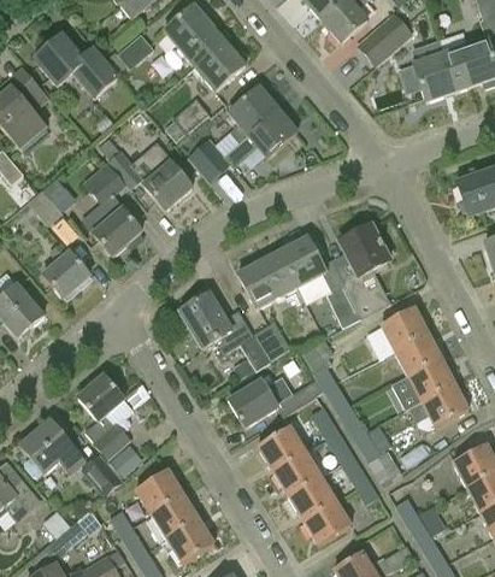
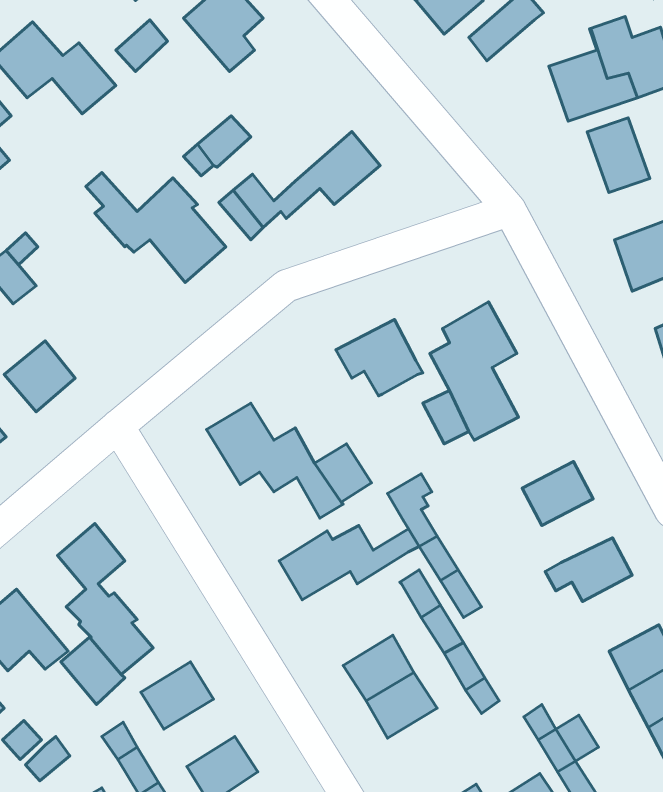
building: [195,31,246,90] -> none
building: [229,87,278,142] -> none
building: none -> [587,118,650,192]
building: [81,164,141,255] -> none
building: [237,257,296,310] -> none
building: [381,307,429,351] -> none
building: [407,358,455,401] -> none
building: [257,425,306,471] -> none
building: [354,431,402,487] -> none
building: [151,494,199,540] -> none
building: [302,500,350,546] -> none

